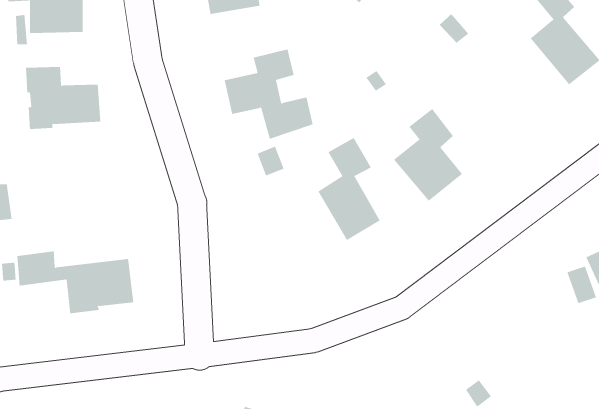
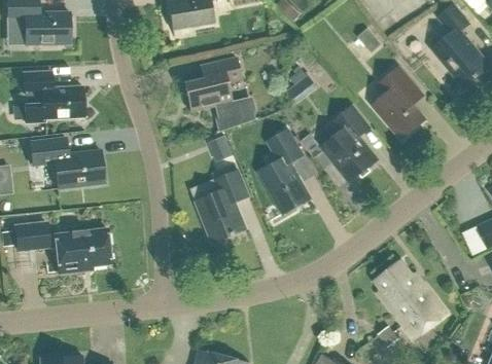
building: none -> [373,66,426,139]
building: none -> [29,137,104,188]
building: none -> [196,170,249,242]
building: none -> [374,260,448,340]

